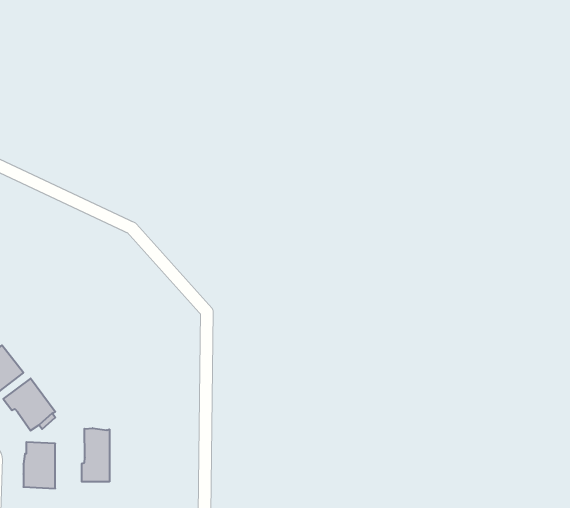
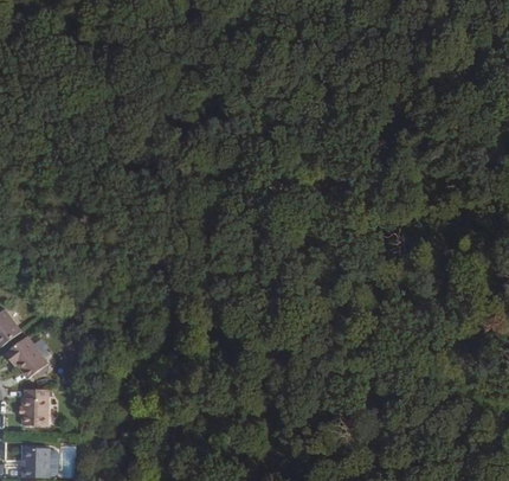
building: [82,428,109,482] -> none

